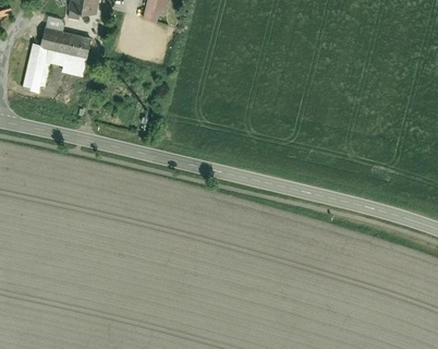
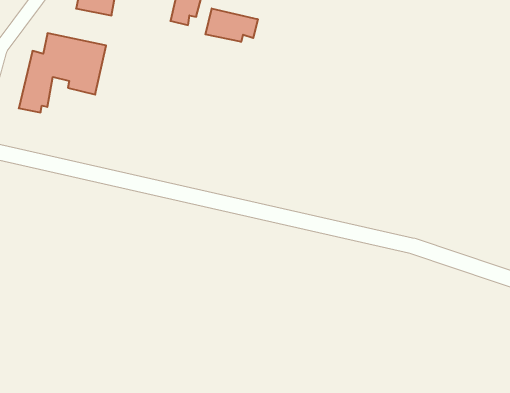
building: none -> [205,8,258,42]

